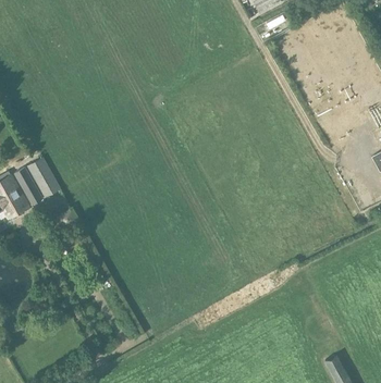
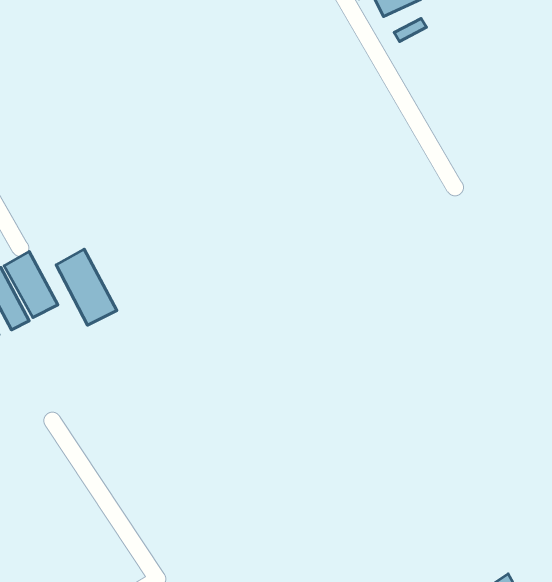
building: none -> [56,249,117,325]

